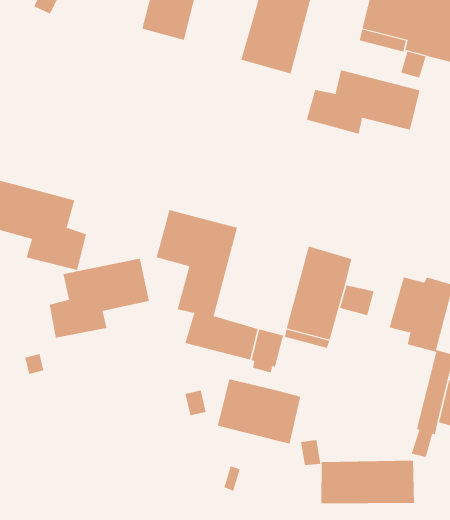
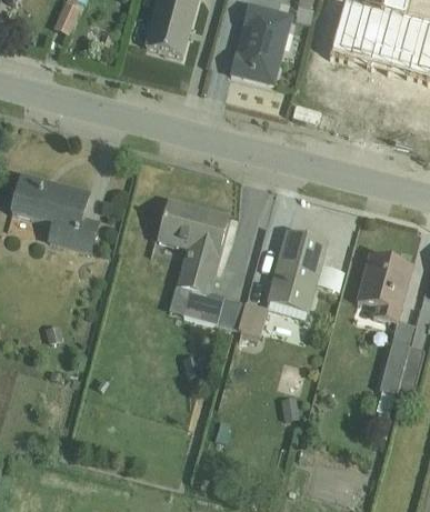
building: [306,70,420,134] -> none
building: [49,258,150,338] -> none
building: [217,379,301,444] -> none
building: [321,460,414,504] -> none

